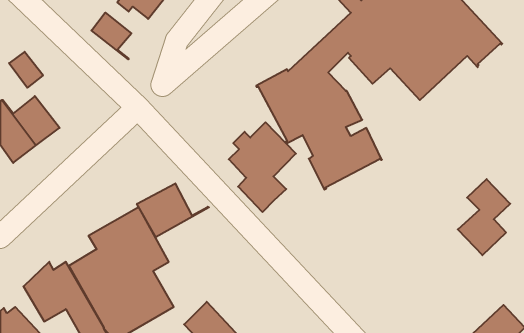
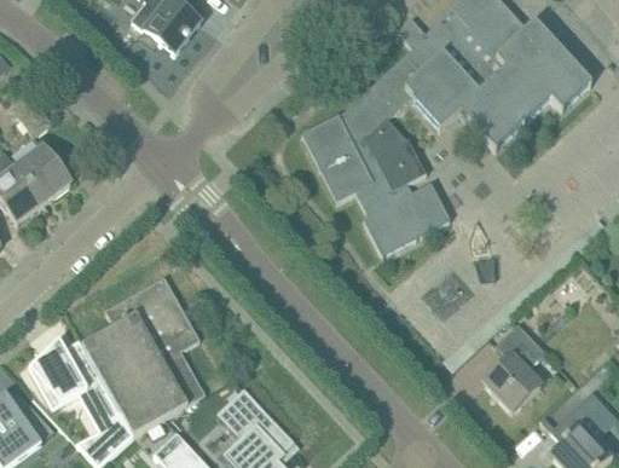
building: [91,13,131,59] -> none
building: [229,122,296,212] -> none
building: [458,179,510,255] -> [484,323,545,412]
building: [137,183,209,237] -> none

